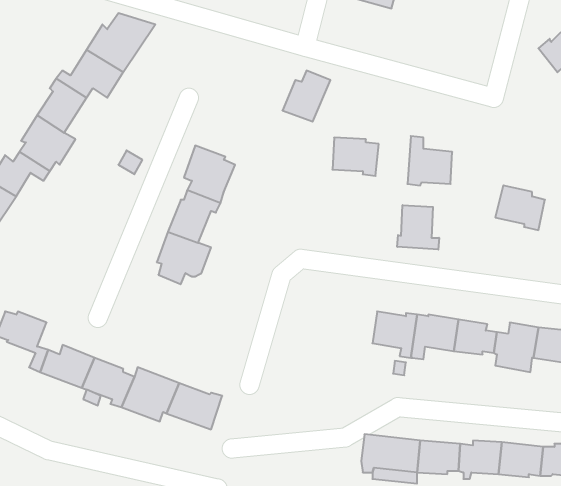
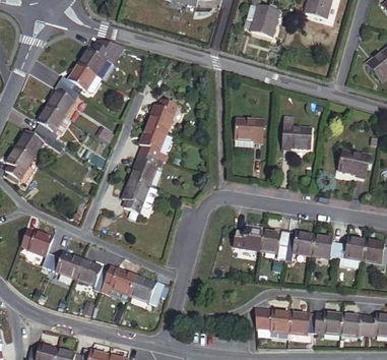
building: [282,71,330,122] -> [147,99,178,131]
building: [397,205,439,250] -> none
building: none -> [234,227,263,250]

